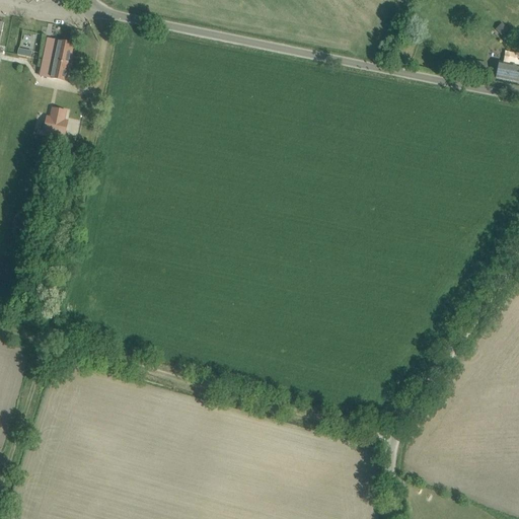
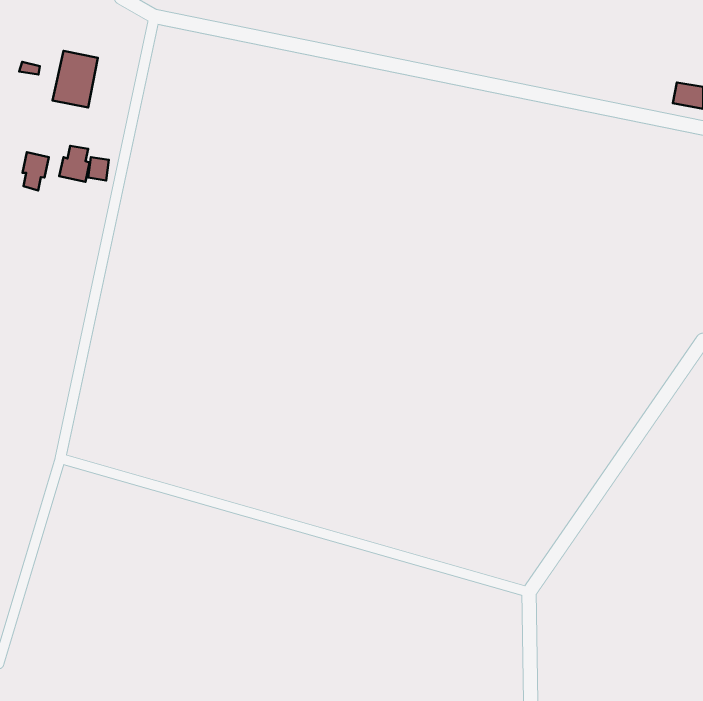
building: none -> [22,152,49,190]

